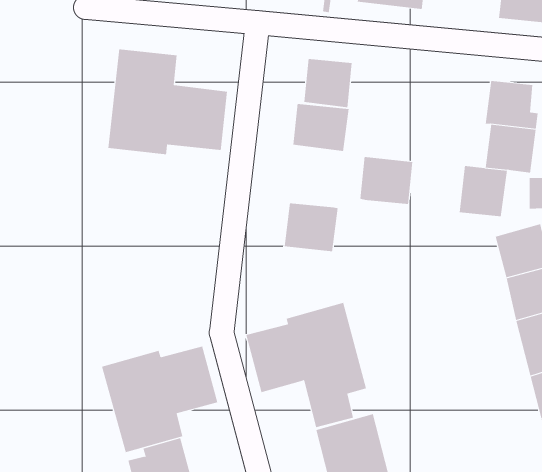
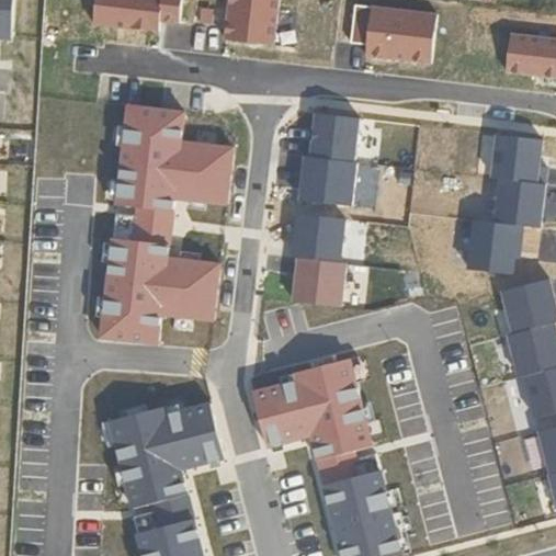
building: none -> [98,206,222,345]
building: [359,156,413,204] -> [292,214,345,262]

